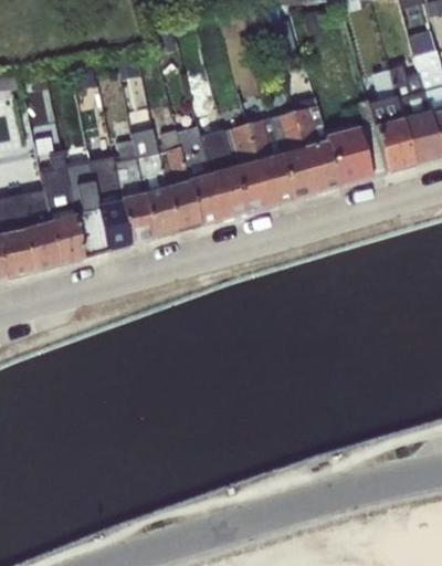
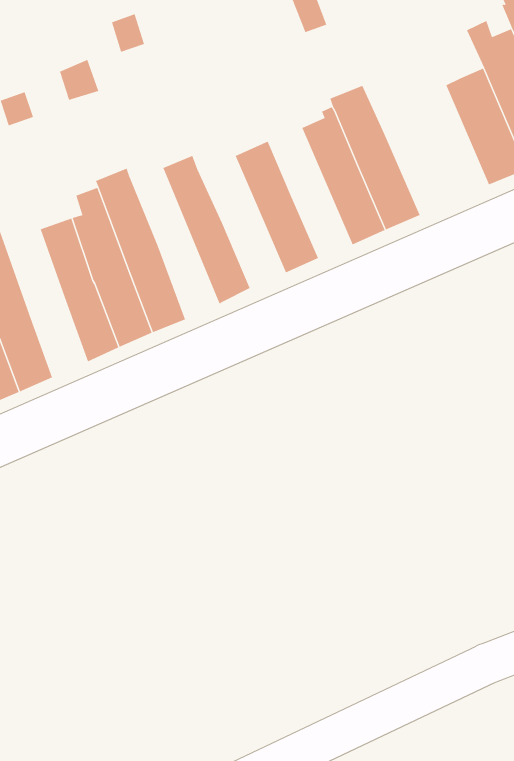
building: [324,99,387,186] -> none
building: [246,117,292,205] -> none
building: [152,127,199,232] -> none
building: [198,129,245,218] -> none
building: [74,209,107,258] -> none

